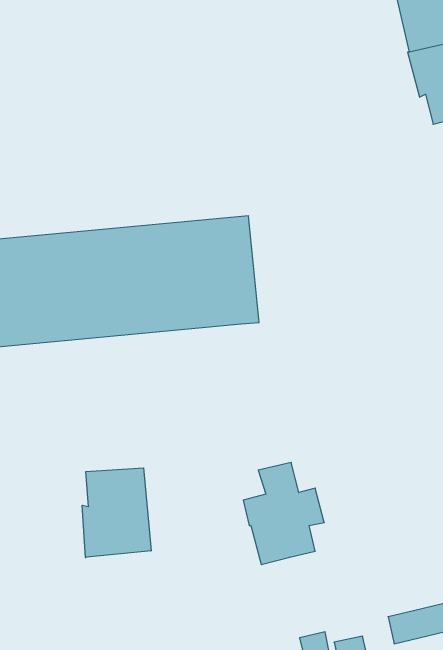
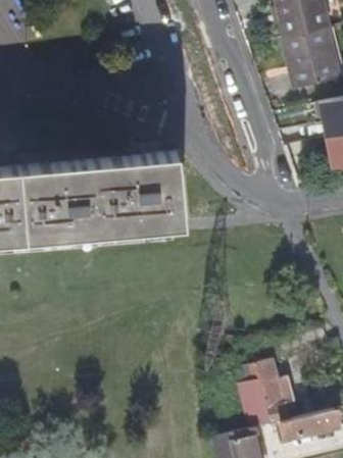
building: [243,462,324,565] -> [239,360,294,429]
building: [82,468,151,558] -> none

